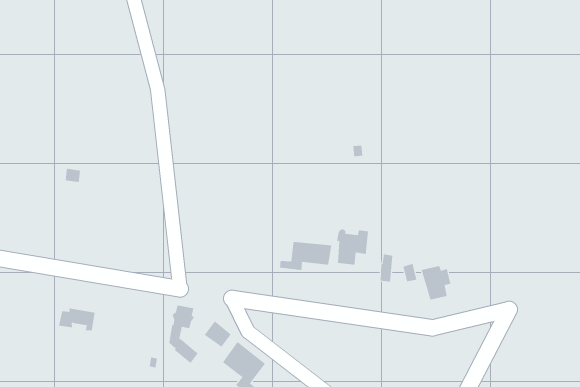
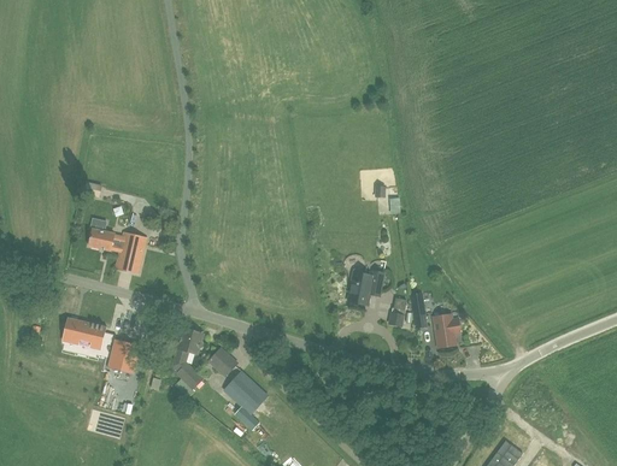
building: none -> [88,219,146,275]
building: [279,241,332,271] -> none
building: none -> [107,340,140,374]

